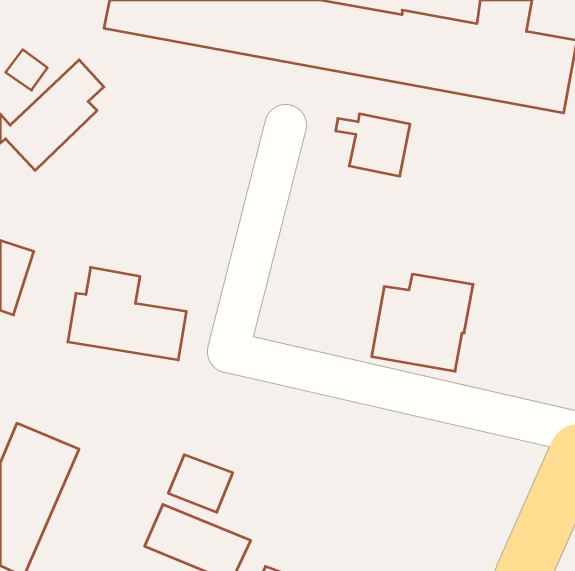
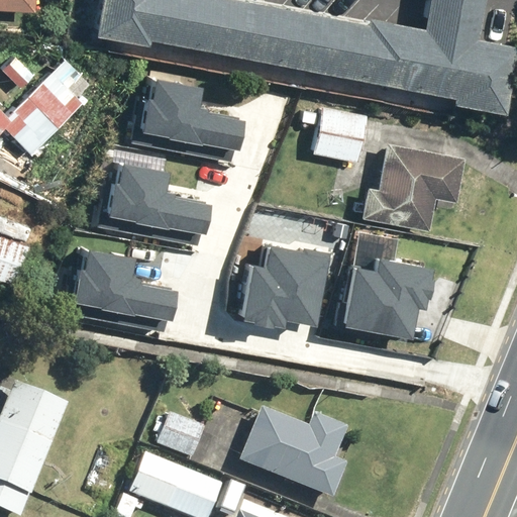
building: none -> [129,75,235,158]
building: none -> [361,142,468,231]
building: none -> [94,159,200,241]
building: none -> [238,241,322,320]
building: none -> [241,410,349,502]

